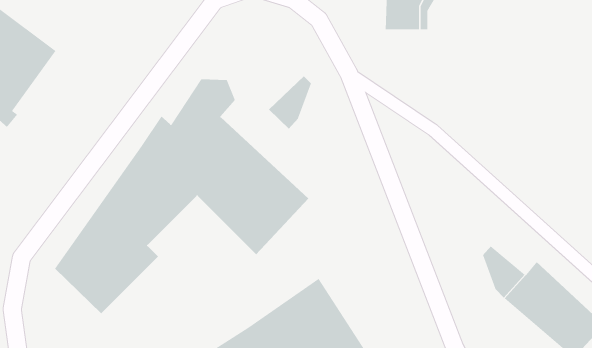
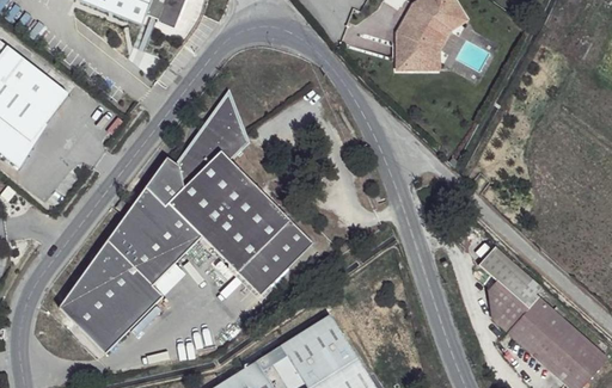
building: [268,75,312,130] -> none
building: none -> [478,247,541,312]

